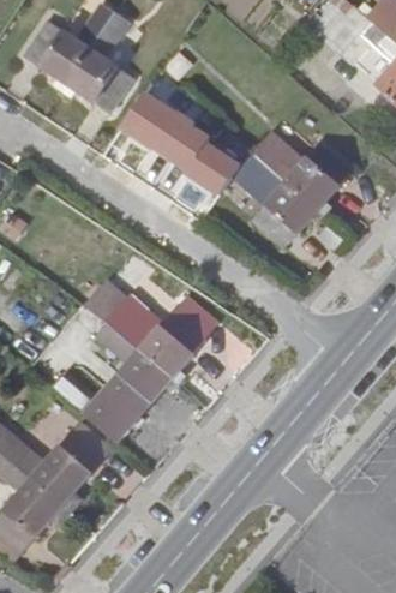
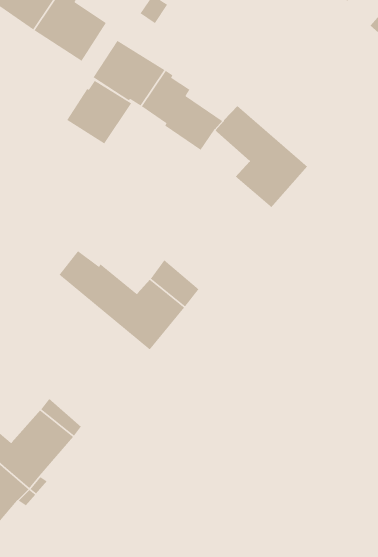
building: none -> [66,80,132,145]
building: [253,131,352,209] -> none
building: [72,304,173,442] -> none

